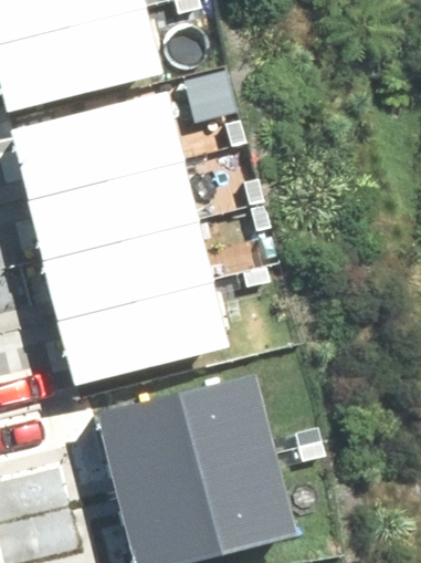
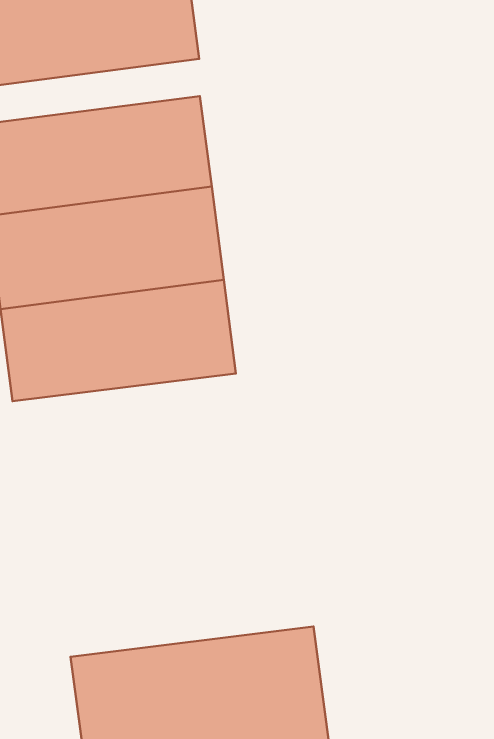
building: [57,283,223,383] -> none
building: [102,375,281,490] -> none

